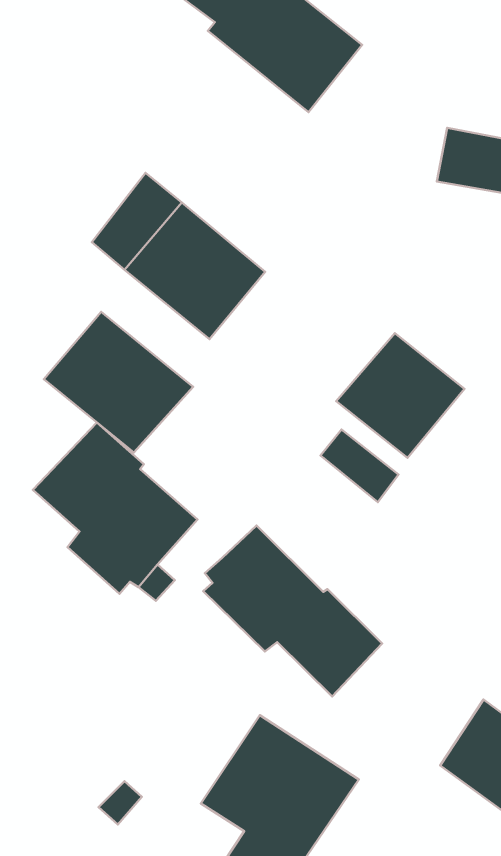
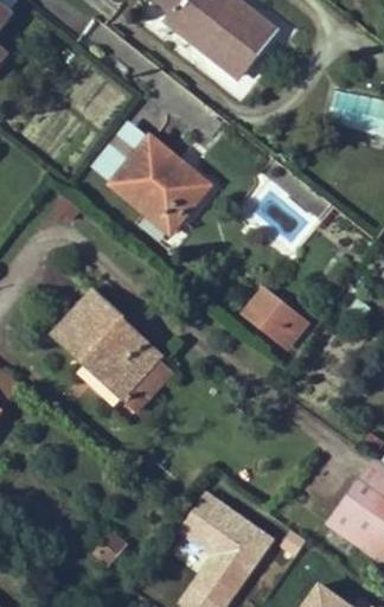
building: [44,312,193,453] -> none
building: [336,333,464,458] -> none
building: [203,526,382,696] -> none

